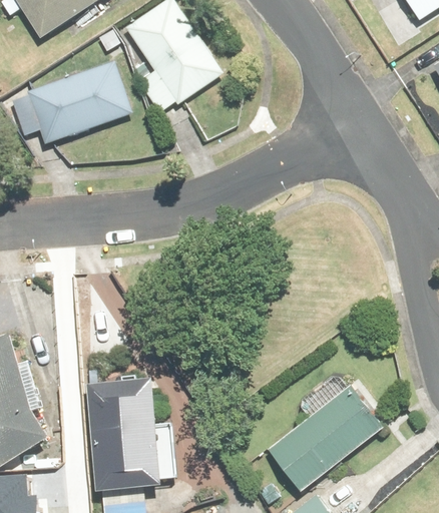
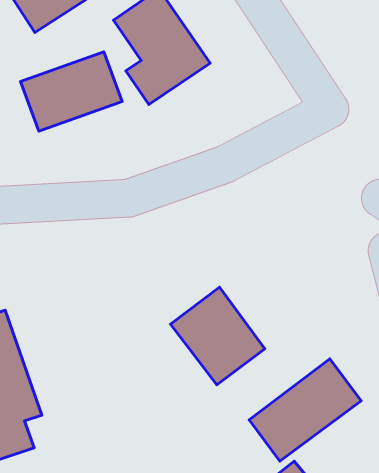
building: none -> [170,287,265,385]
building: [86,375,164,490] -> none

